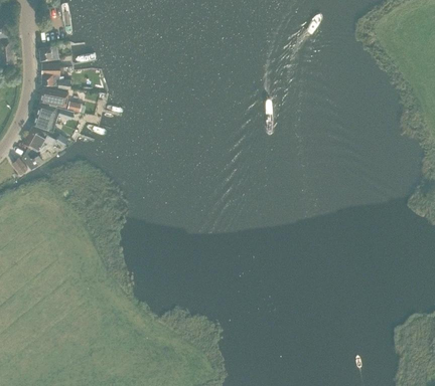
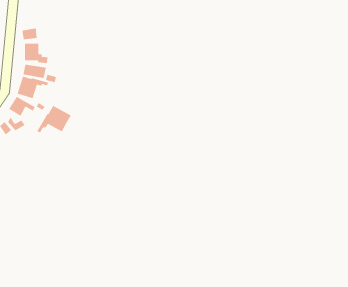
building: none -> [36,105,72,133]

